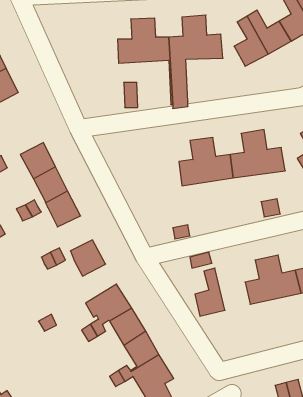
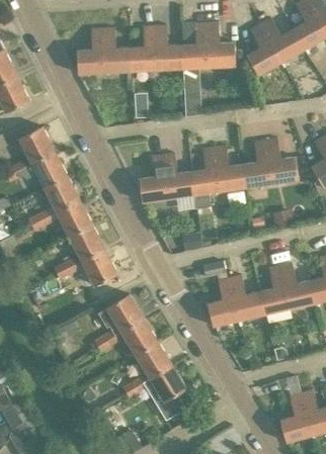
building: none -> [77,29,131,74]
building: none -> [19,127,55,164]
building: none -> [139,154,194,202]
building: none -> [69,225,104,261]
building: none -> [228,276,263,321]

